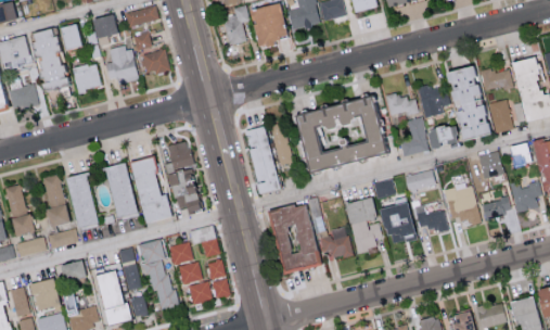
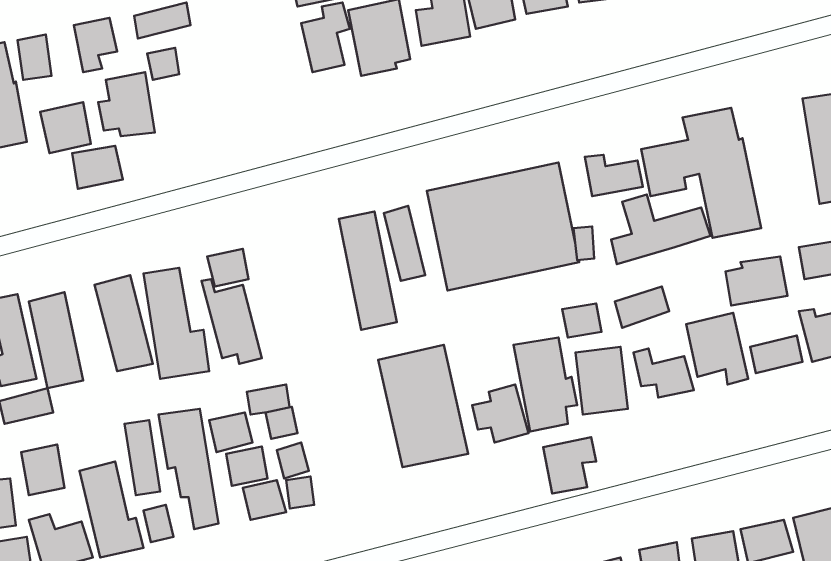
building: [141,50,170,75] -> [72,146,123,189]
building: [483,68,514,91] -> none
building: [490,100,513,132] -> none
building: none -> [543,437,596,494]

